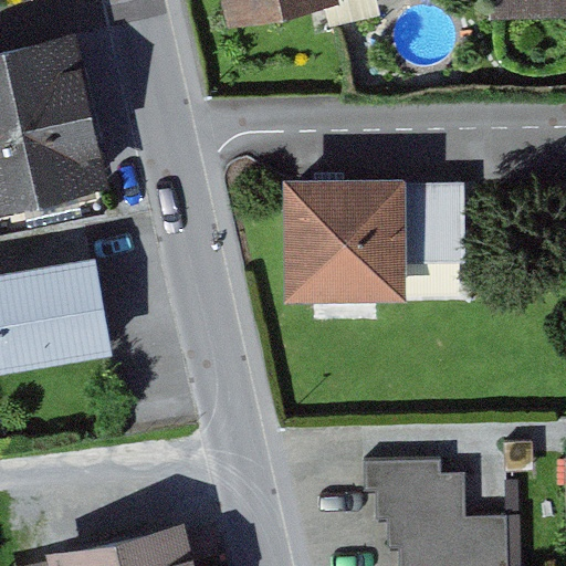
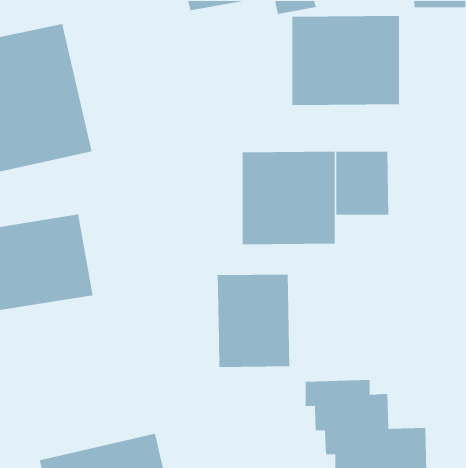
building: none -> [292,15,400,106]
building: none -> [217,274,290,368]

